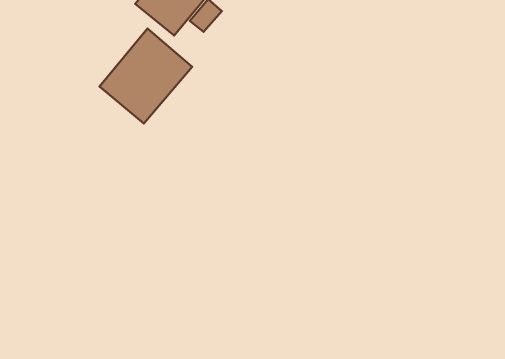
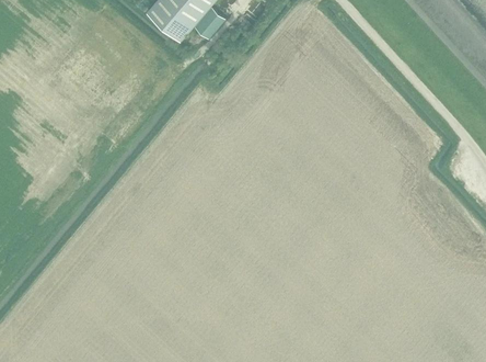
building: [100,29,192,123] -> none

